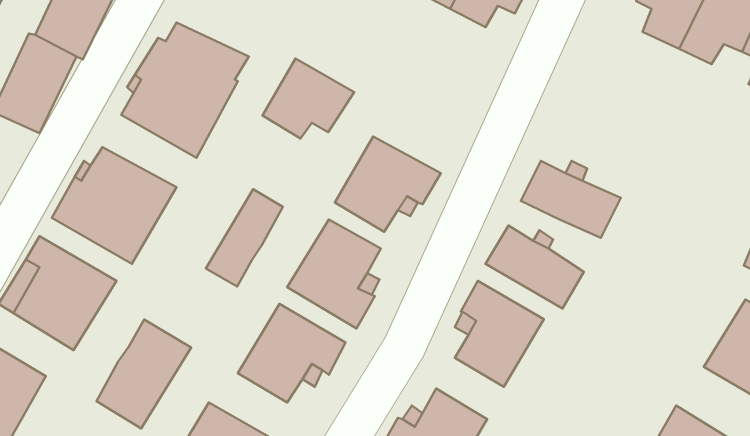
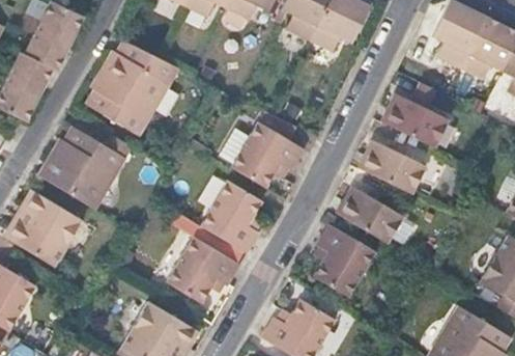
building: [262,59,354,139] -> none
building: none -> [378,81,445,146]
building: [206,189,283,286] -> none
building: [97,319,191,428] -> none

